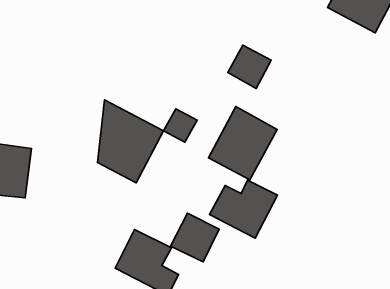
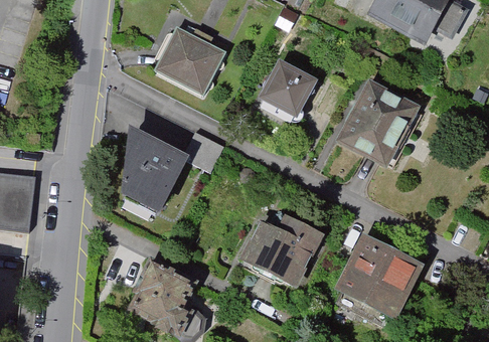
building: none -> [153,25,223,93]
building: [208,107,277,180] -> [342,86,421,169]
building: none -> [337,234,419,312]
building: [171,213,219,262] -> none

